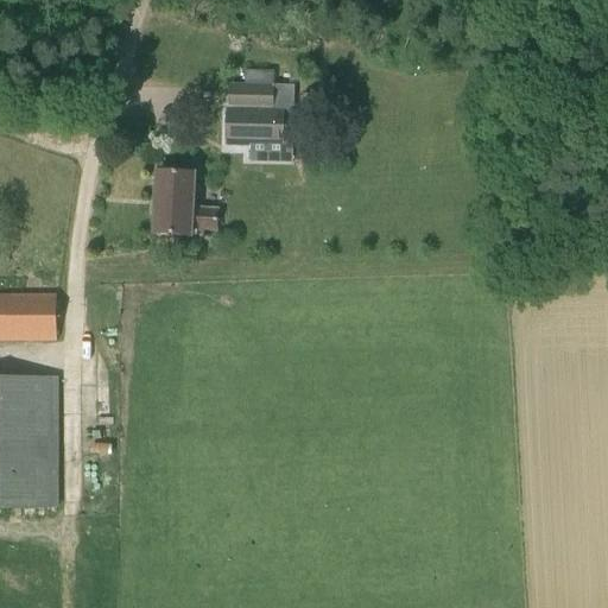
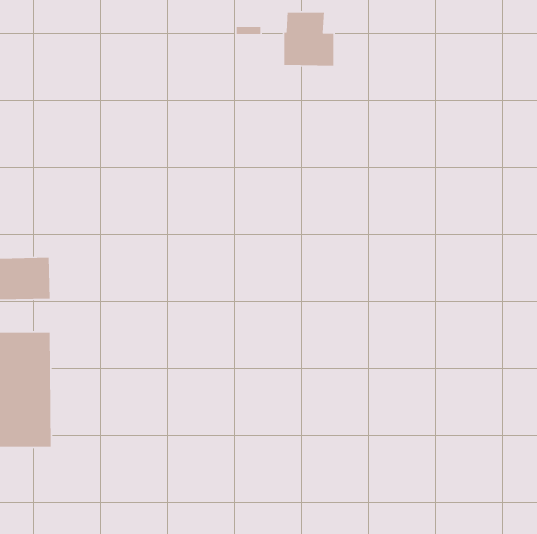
building: [226,81,283,142] -> [284,12,334,67]
building: [153,170,217,235] -> none

